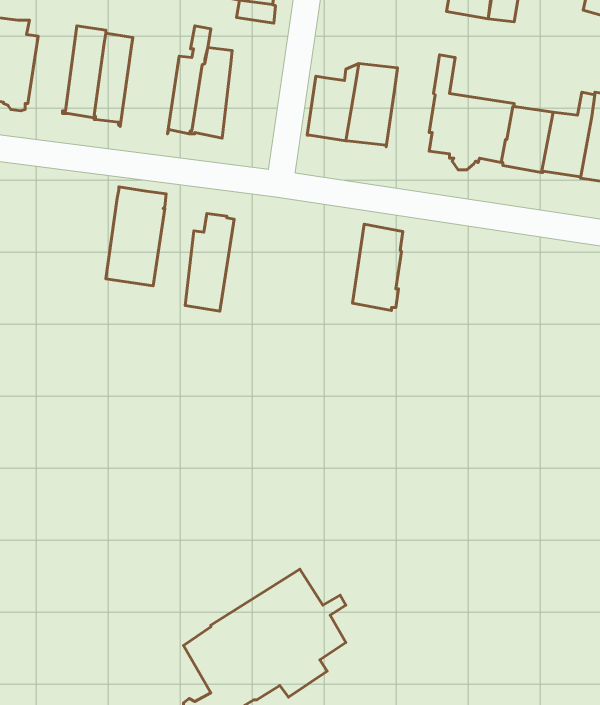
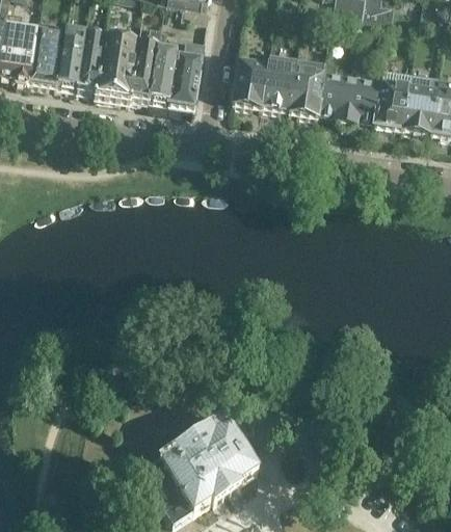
building: none -> [29,19,67,85]
building: [106,187,166,286] -> [98,28,141,100]
building: [185,213,234,311] -> [171,36,207,107]
building: [353,224,403,310] -> [290,52,326,114]

